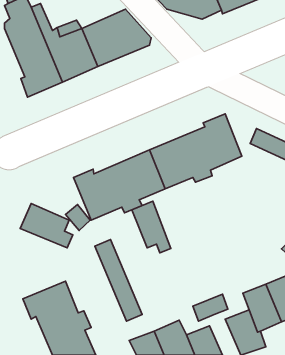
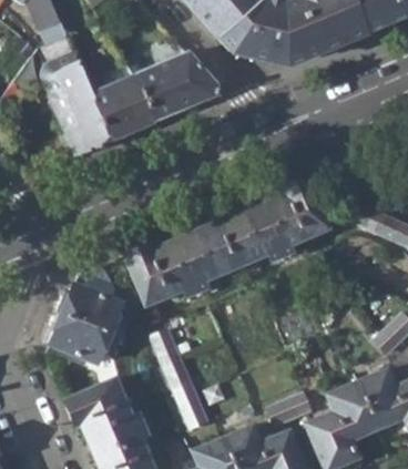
building: [132,201,171,253] -> none
building: none -> [49,316,118,364]

